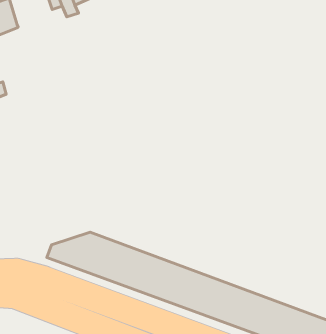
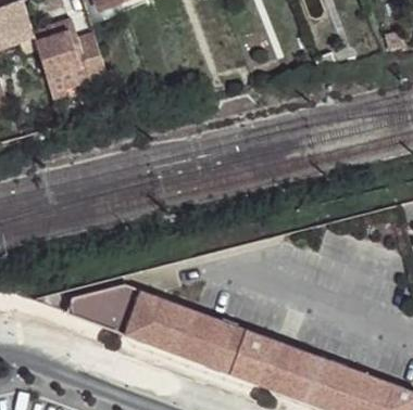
building: none -> [32,22,109,84]

